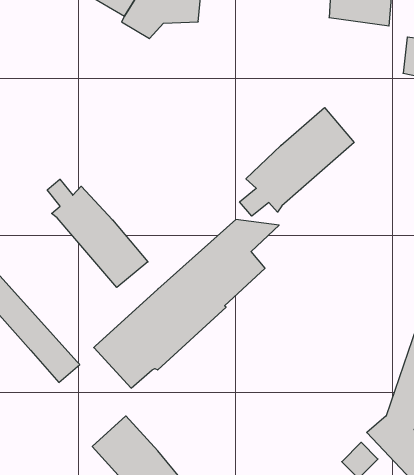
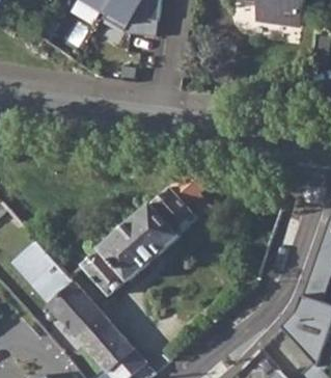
building: [240,108,354,216] -> none
building: [47,179,148,287] -> none
building: none -> [47,280,103,338]

